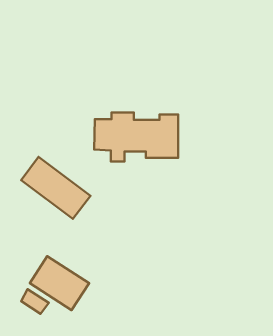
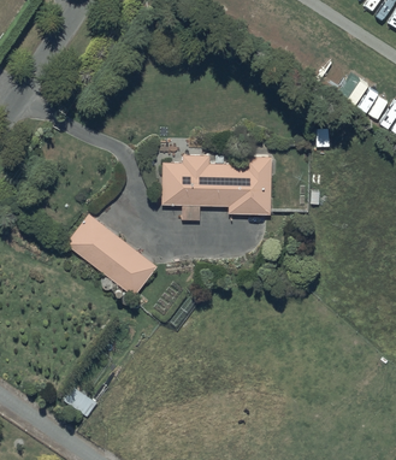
building: [30,256,89,310] -> none

